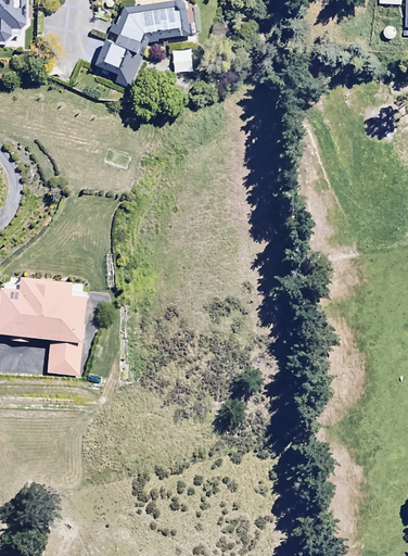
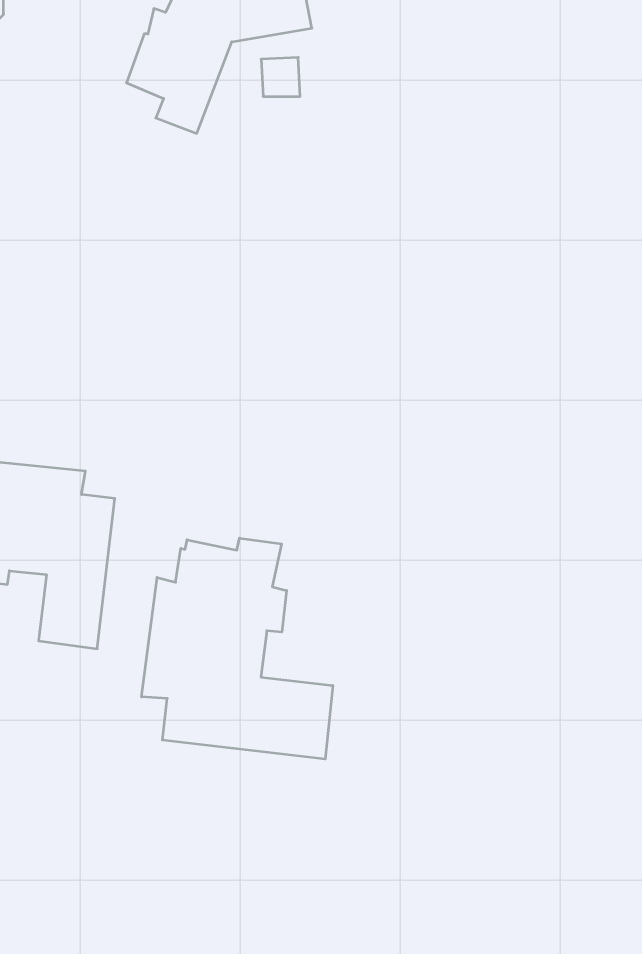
building: none -> [142,538,333,759]

